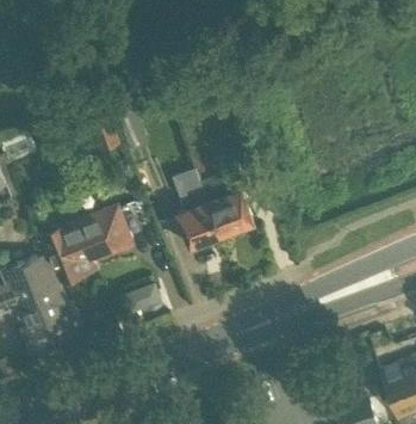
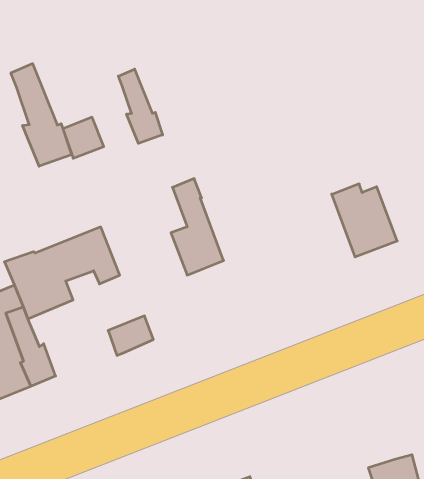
building: none -> [11,64,71,166]
building: none -> [118,69,163,143]
building: [198,180,252,240] -> [332,184,397,257]

